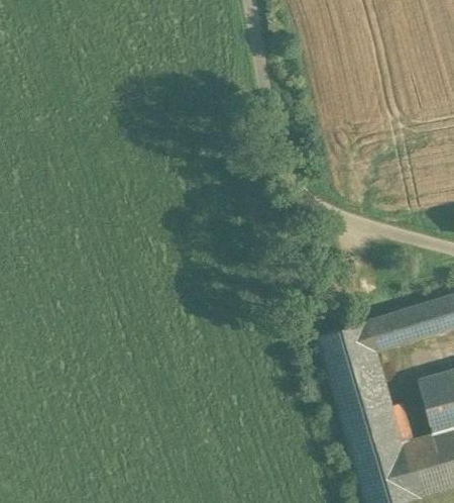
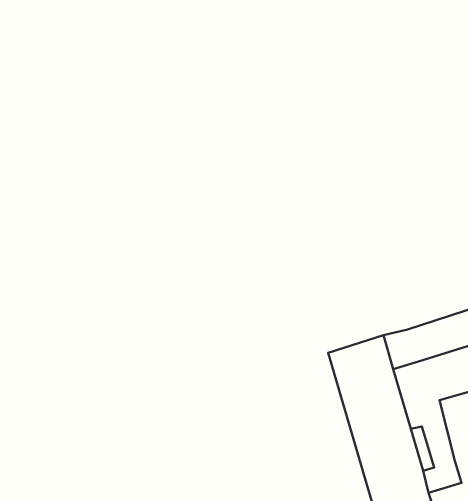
building: [405,434,440,464] -> none

